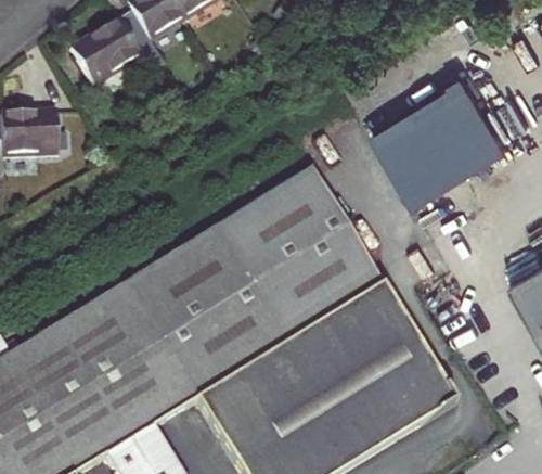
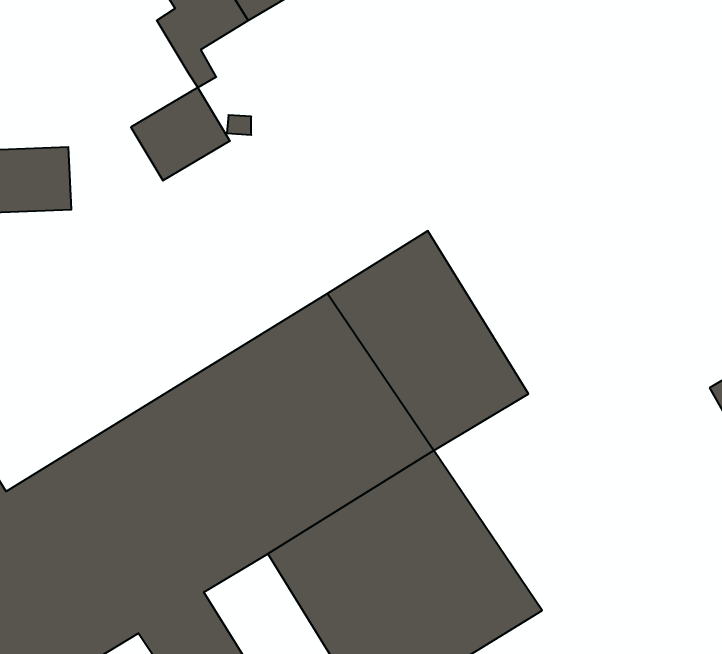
building: [72,15,142,81] -> [131,88,230,181]
building: [375,71,512,200] -> none
building: [317,281,455,435] -> none

